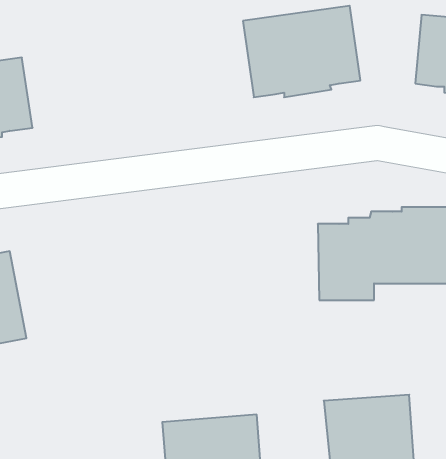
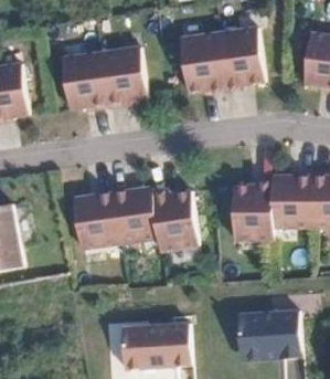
building: none -> [58,46,145,109]
building: none -> [71,188,196,251]

